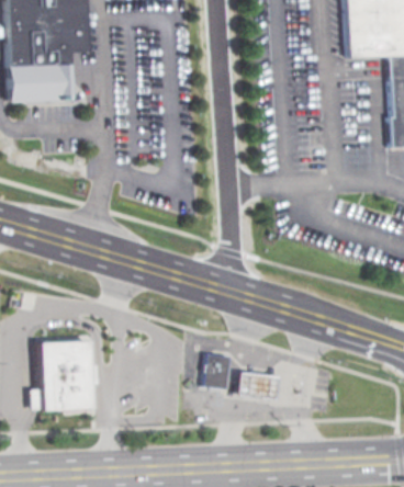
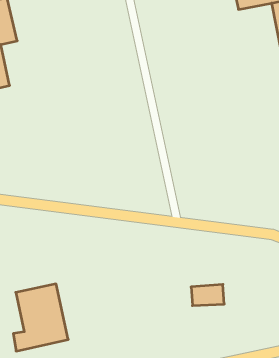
building: [205,352,233,387] -> none

